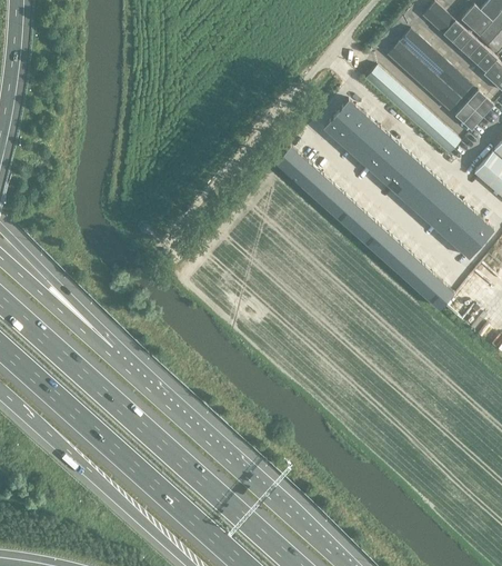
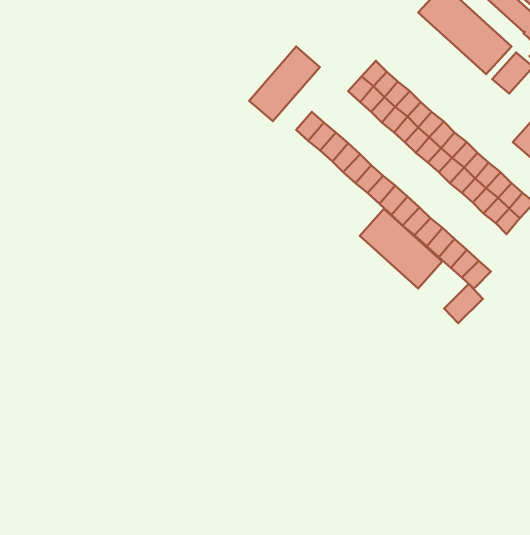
building: [363,67,461,153] -> none
building: none -> [249,47,320,121]
building: none -> [360,209,442,288]
building: none -> [444,284,483,323]

